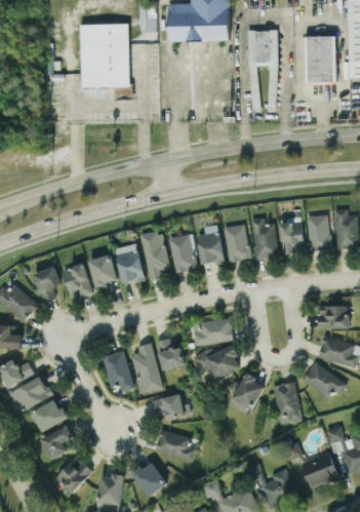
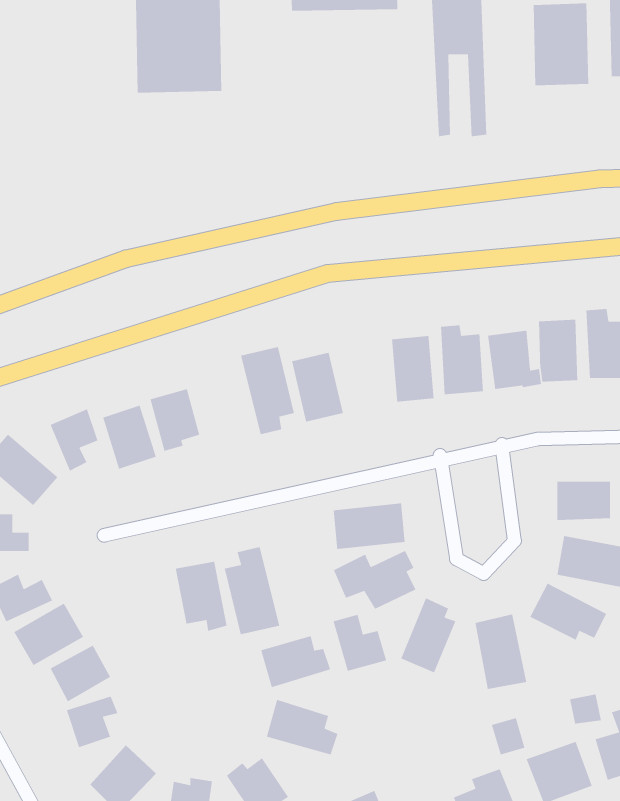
building: [197,224,224,265] -> none
building: [115,243,145,284] -> none
building: [155,338,186,370] -> [333,614,387,672]

